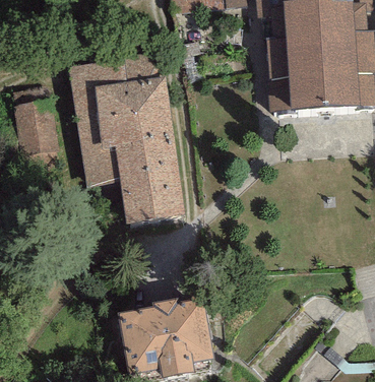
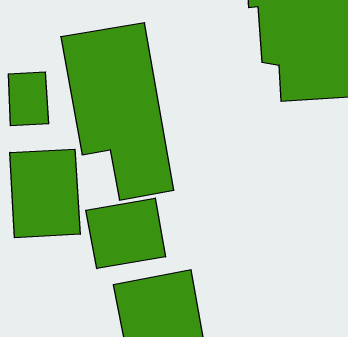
building: none -> [10,149,80,238]
building: none -> [86,198,165,269]

